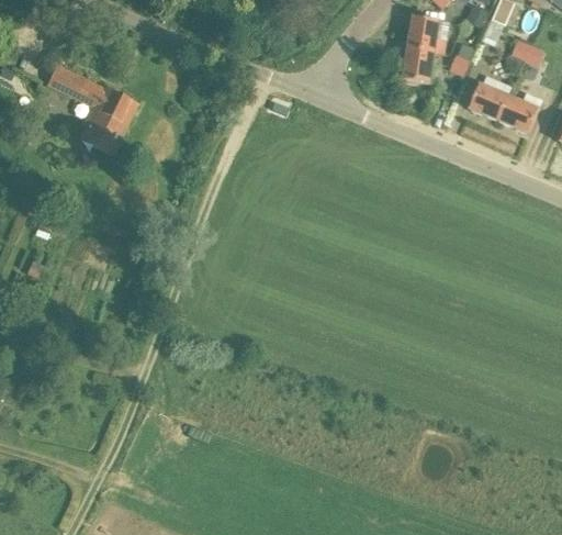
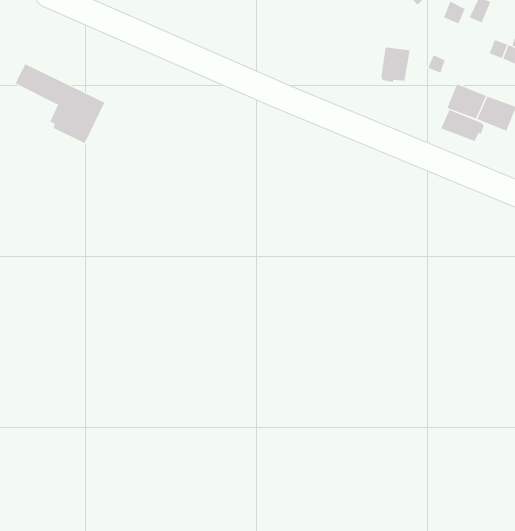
building: [408,15,445,52] -> none
building: none -> [441,109,485,142]

